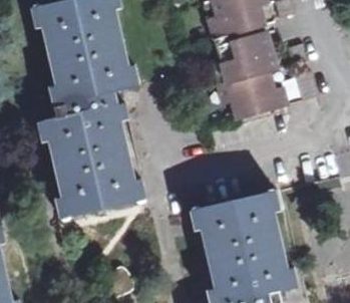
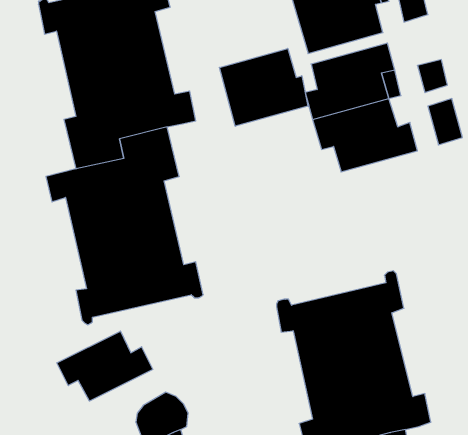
building: none -> [219,48,308,126]
building: none -> [57,331,153,401]

